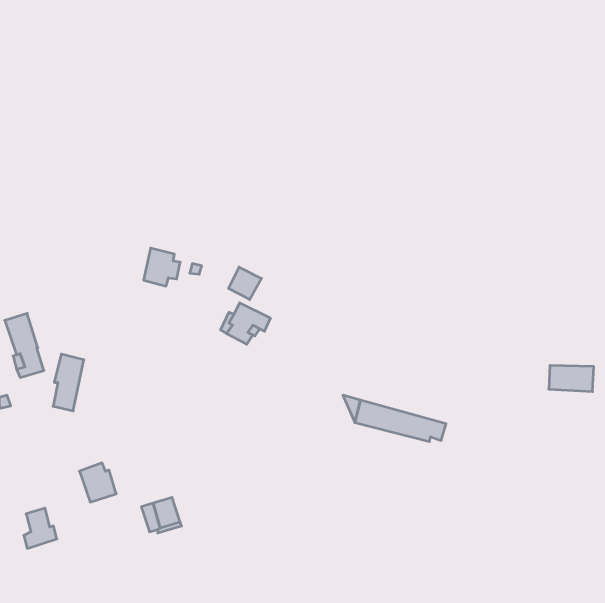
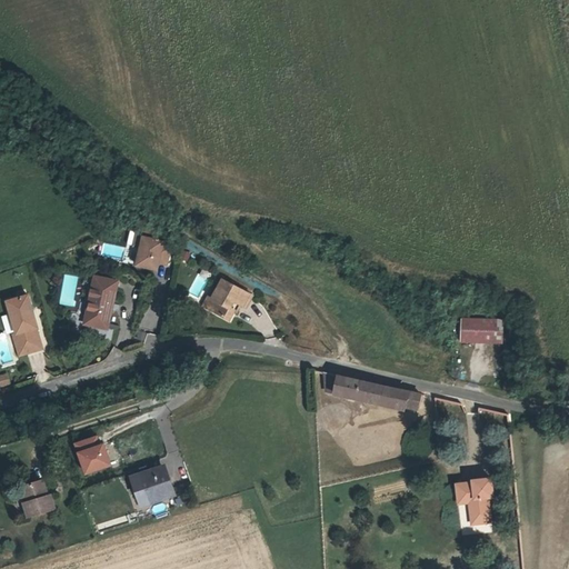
building: [229,267,262,300] -> none
building: [53,354,84,411] -> [87,272,116,326]
building: [549,365,594,392] -> [458,322,500,347]
building: none -> [456,487,490,527]

